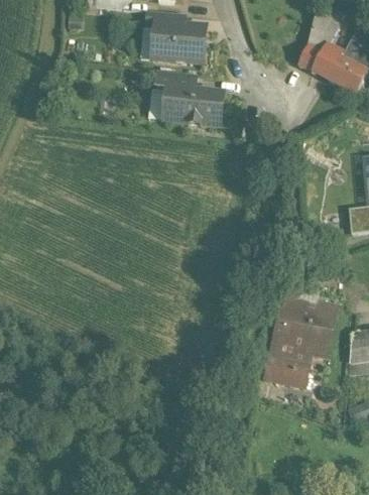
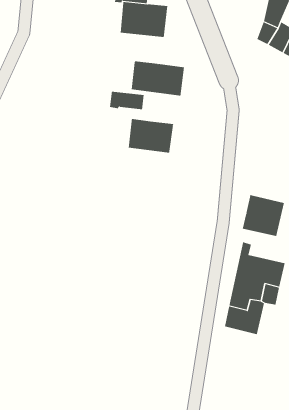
building: [157,72,196,92] -> [109,91,145,110]
building: none -> [128,118,174,153]
building: none -> [242,194,284,237]

